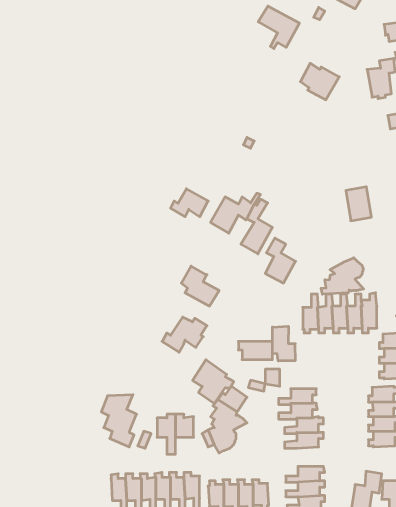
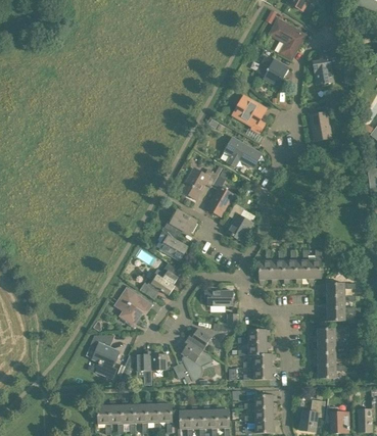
building: [258,6,299,49] -> [270,19,304,55]
building: none -> [233,97,266,133]
building: none -> [225,136,262,166]
building: [346,187,371,221] -> [310,111,331,140]
building: [171,189,208,217] -> [164,209,196,233]
building: [321,258,364,294] -> none
building: [272,326,295,361] -> none
building: [193,360,234,403] -> [115,287,150,324]

